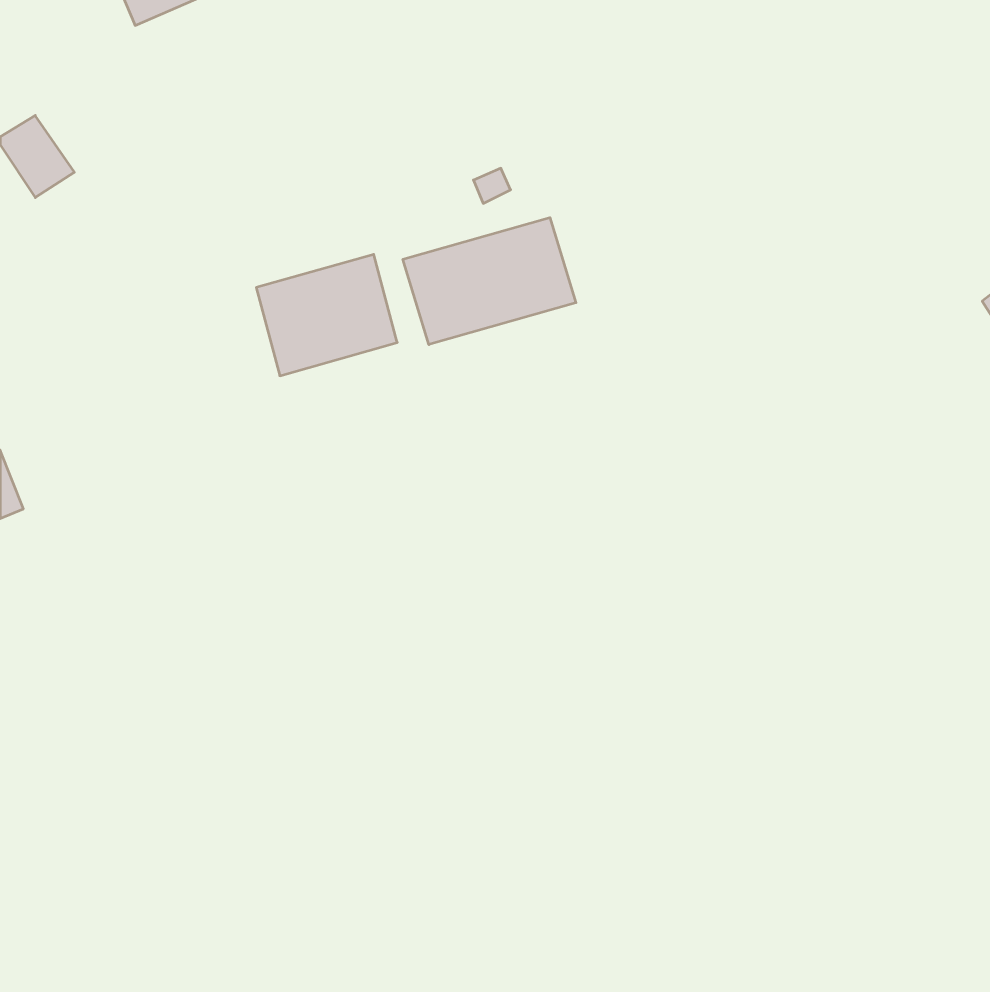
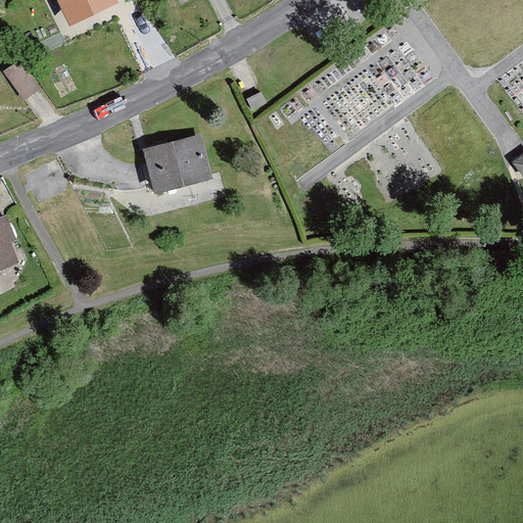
building: [403,218,576,345] -> none

